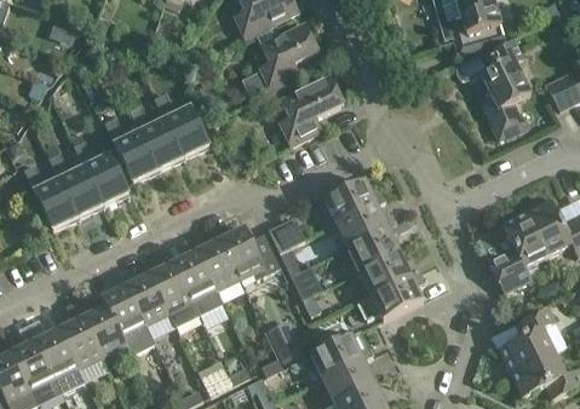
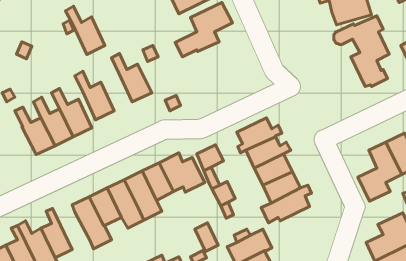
building: [280,75,344,145] -> none
building: [130,104,183,169] -> [65,6,105,55]
building: [75,295,126,357] -> none

